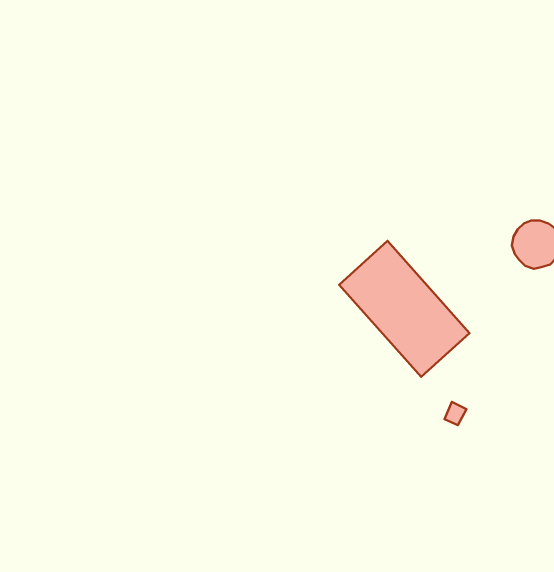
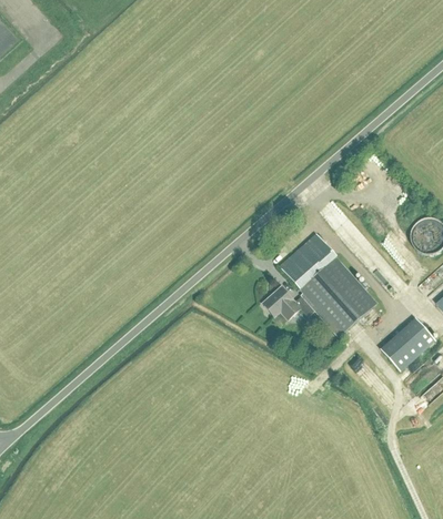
building: none -> [261,285,313,318]
building: none -> [381,318,433,369]

